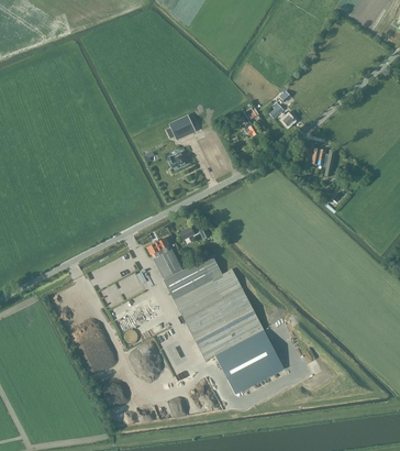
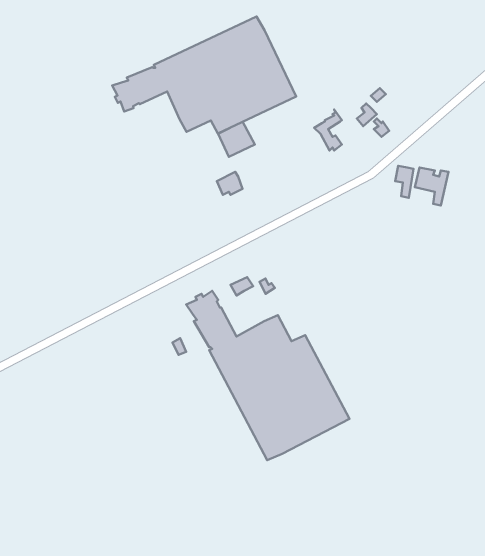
building: none -> [112,17,296,133]
building: [215,329,285,394] -> none

